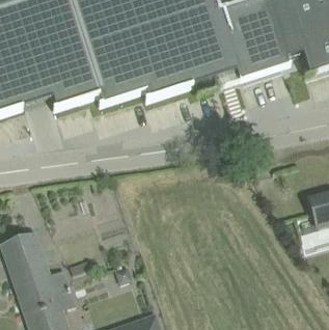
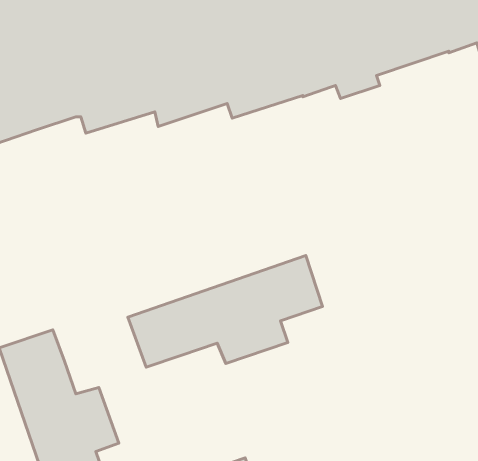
building: none -> [128,256,322,367]

